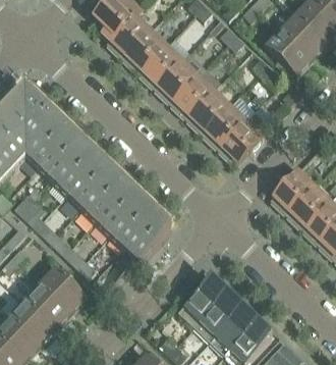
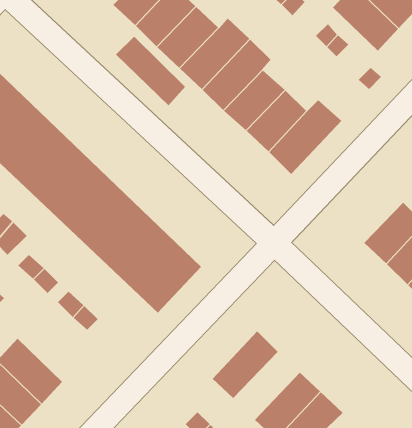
building: none -> [115,36,186,106]
building: [270,166,315,211] -> none
building: [38,263,87,311] -> none
building: [192,290,240,338] -> none

